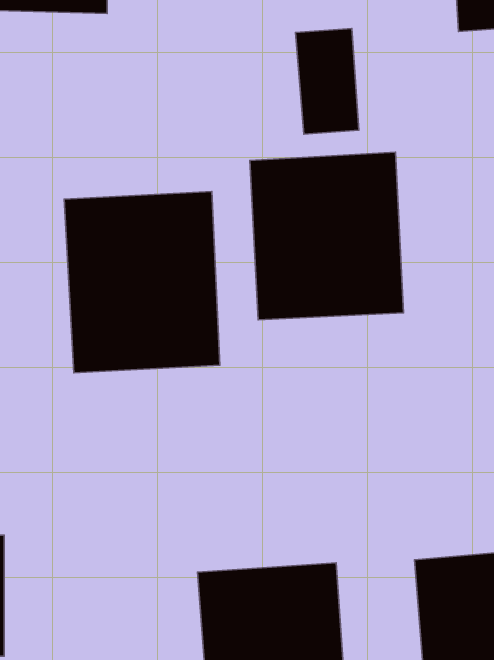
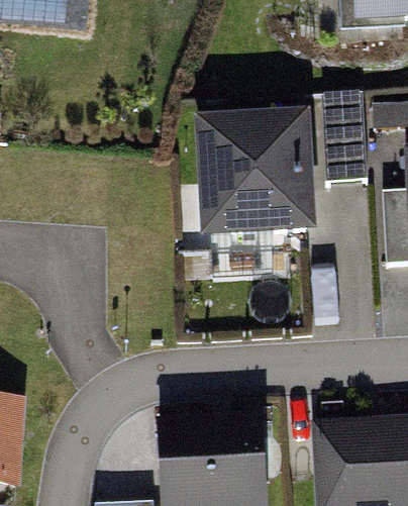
building: [296,29,359,134] -> [320,96,367,174]
building: [64,192,220,373] -> none

